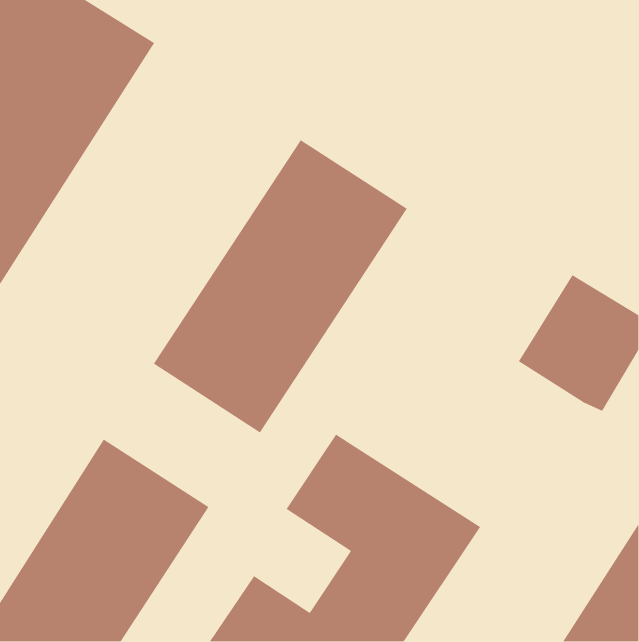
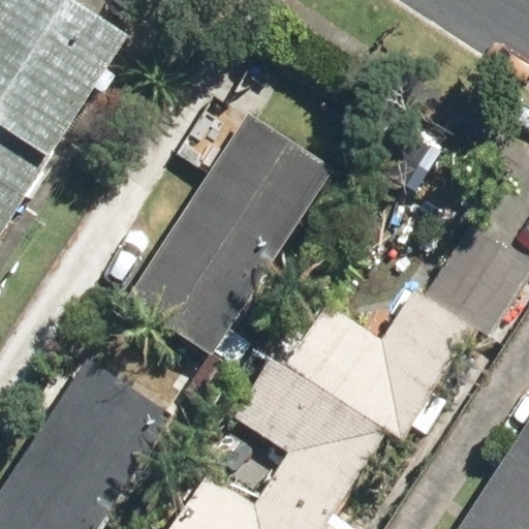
building: none -> [287,288,477,439]

